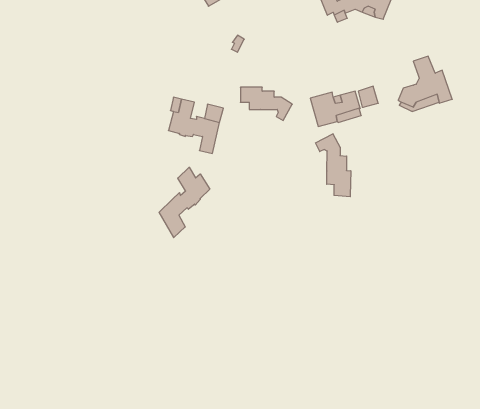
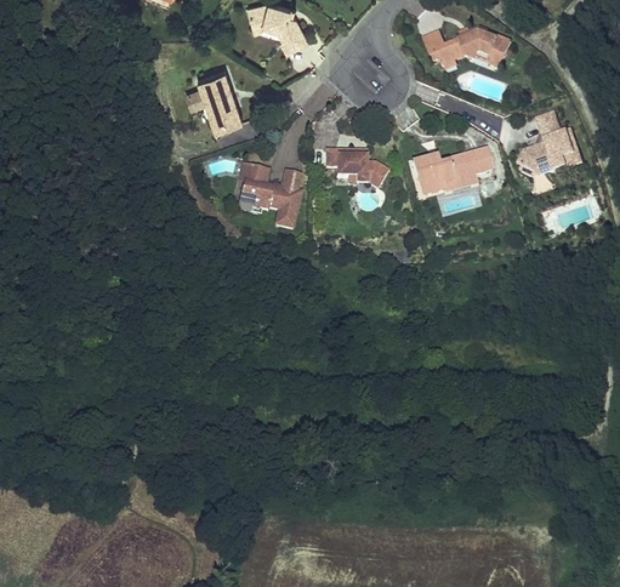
building: none -> [197,69,241,129]
building: [316,134,351,197] -> none
building: [159,167,210,238] -> none

